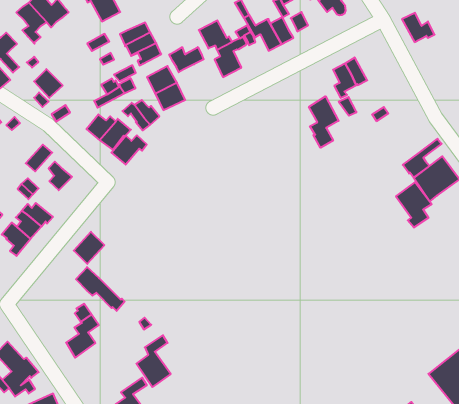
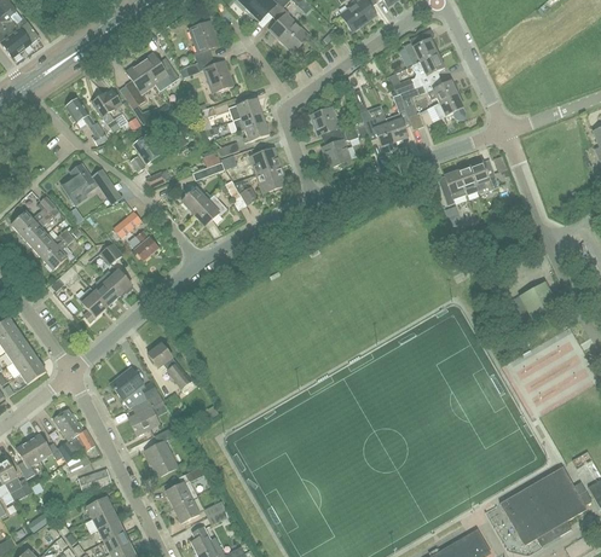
building: [402,13,435,42] -> [468,161,499,191]
building: [169,47,204,72] -> none
building: [309,96,339,148] -> none
building: [111,135,147,165] -> none
building: [403,139,442,177] -> none
building: [396,182,432,228] -> none
building: [74,232,104,264] -> [110,366,143,399]
building: [136,335,171,387] -> [144,425,179,477]

